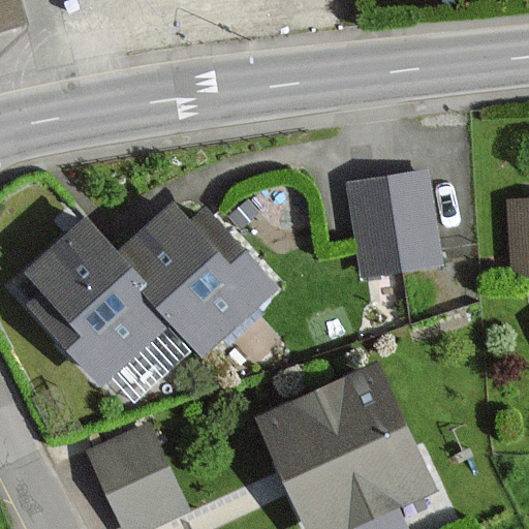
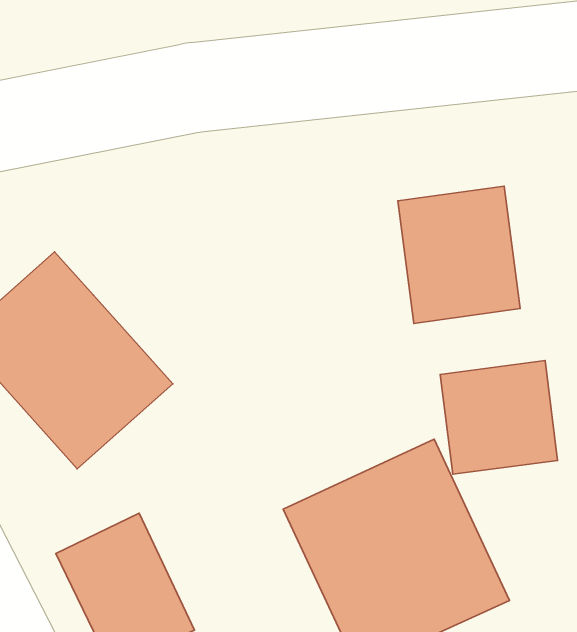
building: [114,187,280,356] -> none
building: none -> [440,361,558,474]

